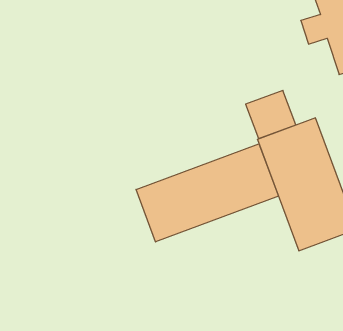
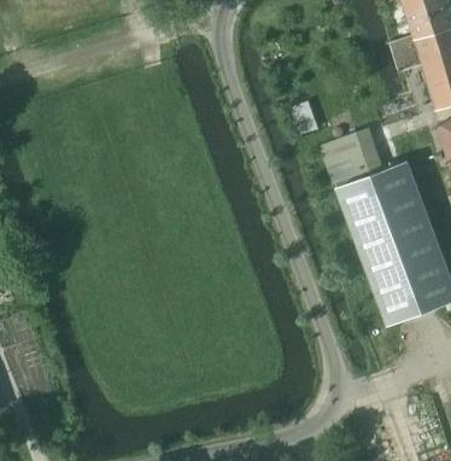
building: [136,144,278,242] -> none

